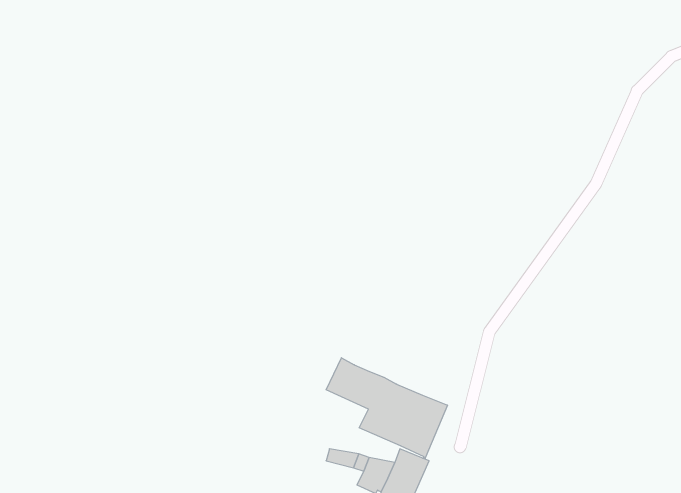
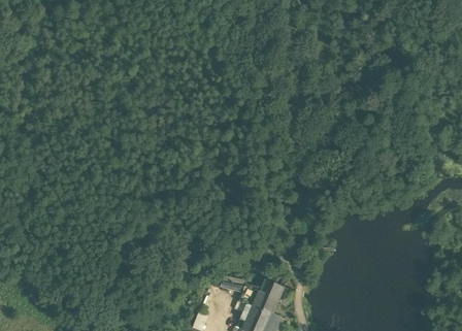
building: [326,358,447,458] -> none

